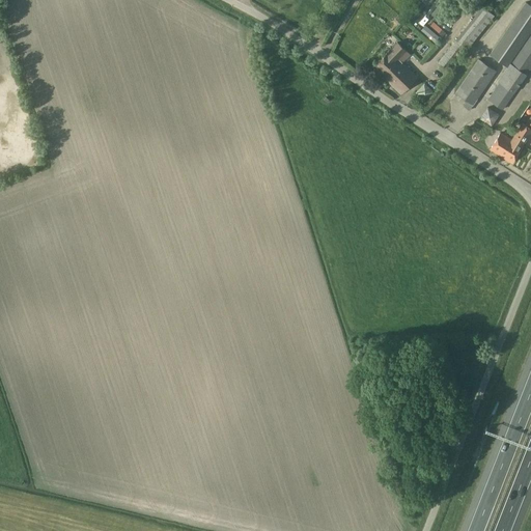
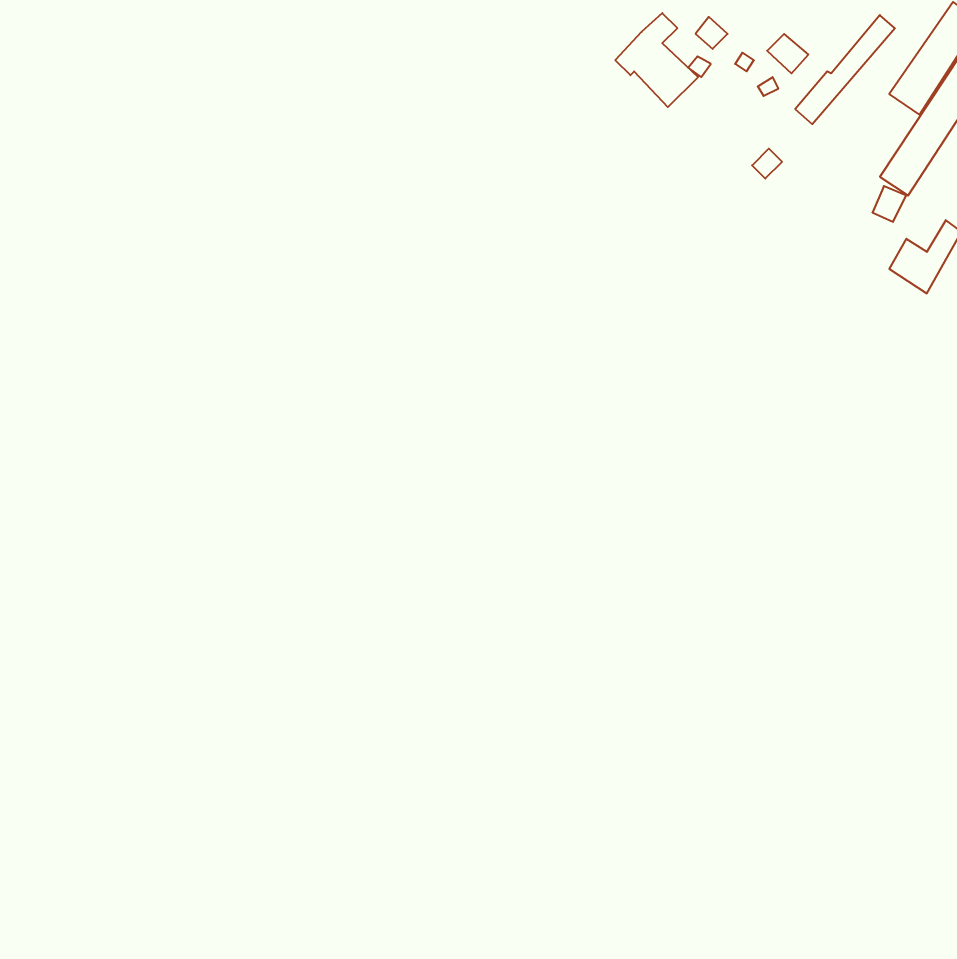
building: [373,41,419,93] -> [615,13,698,107]
building: [457,59,498,110] -> none

